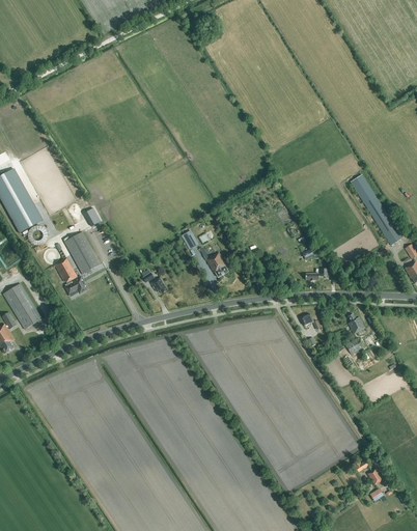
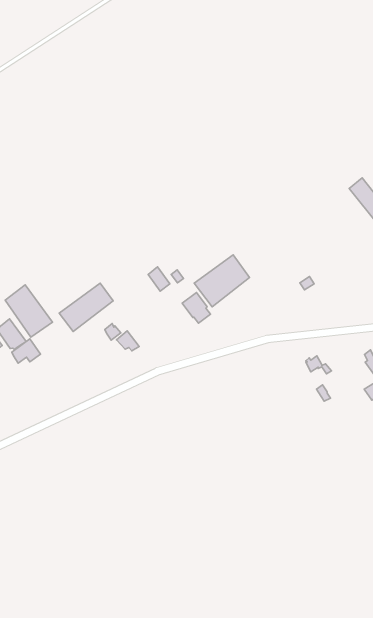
building: none -> [194,255,250,307]
building: none -> [59,283,113,331]

